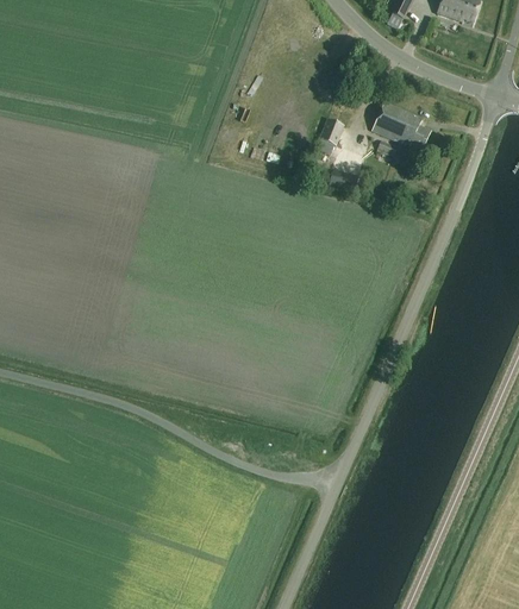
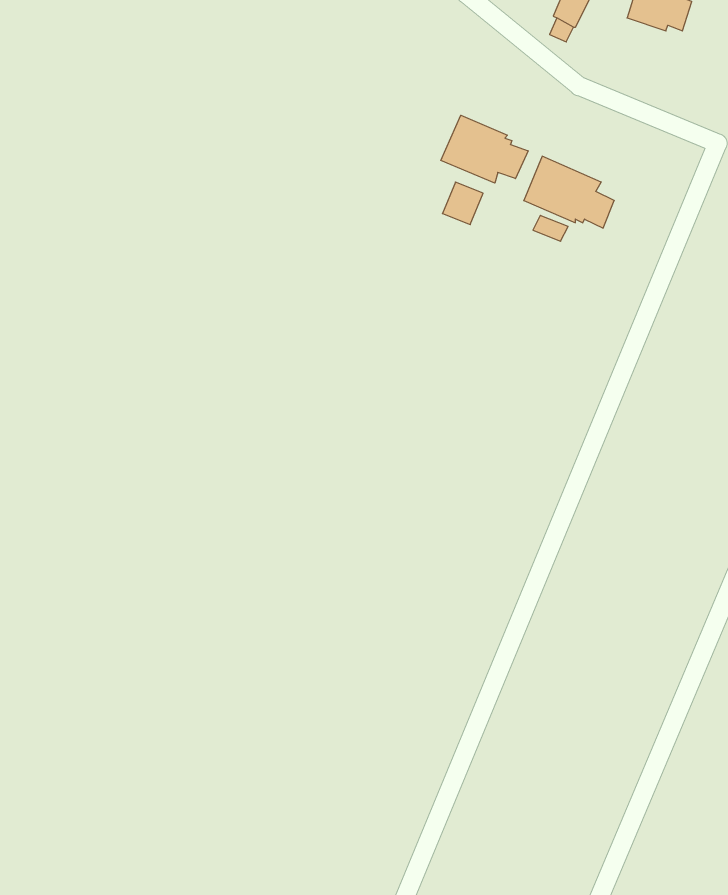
building: none -> [441,115,528,183]

